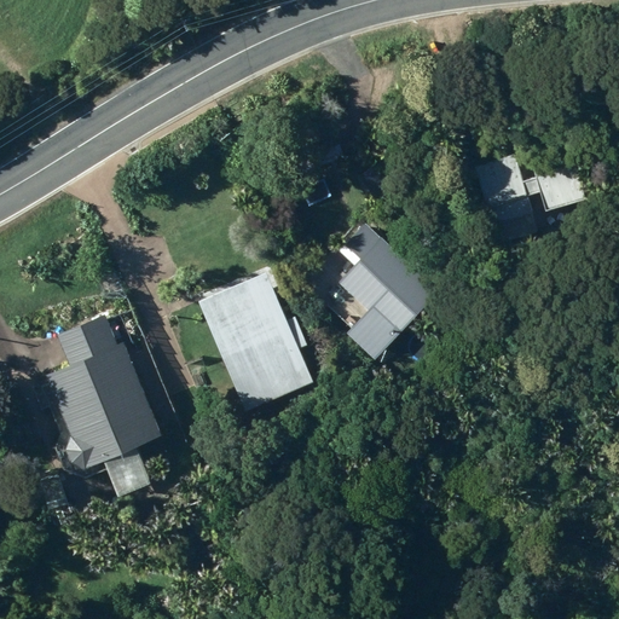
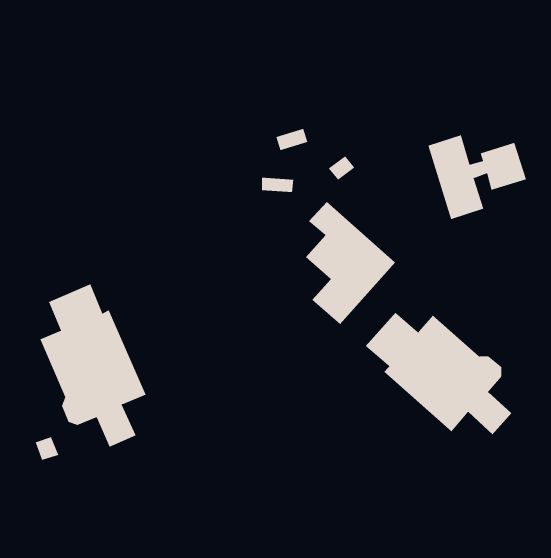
building: [198,273,312,410] -> none
building: none -> [365,312,512,435]

